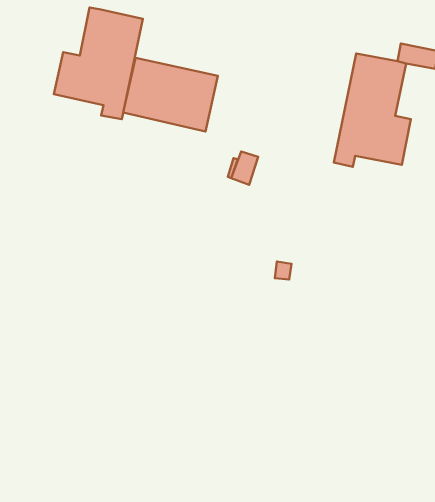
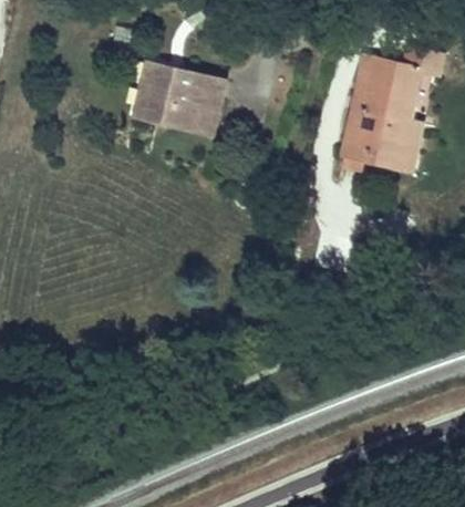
building: [54,7,143,119] -> none

